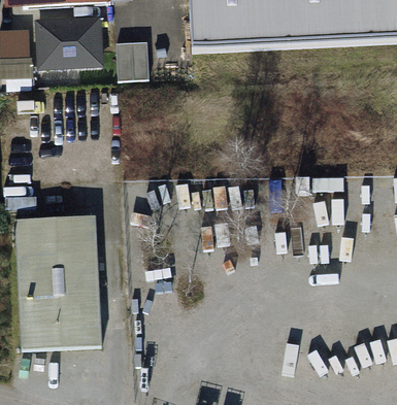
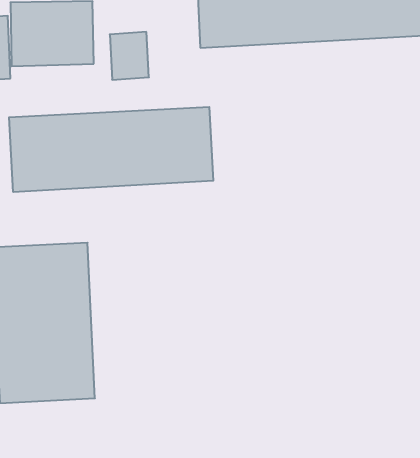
building: none -> [9,107,213,192]

